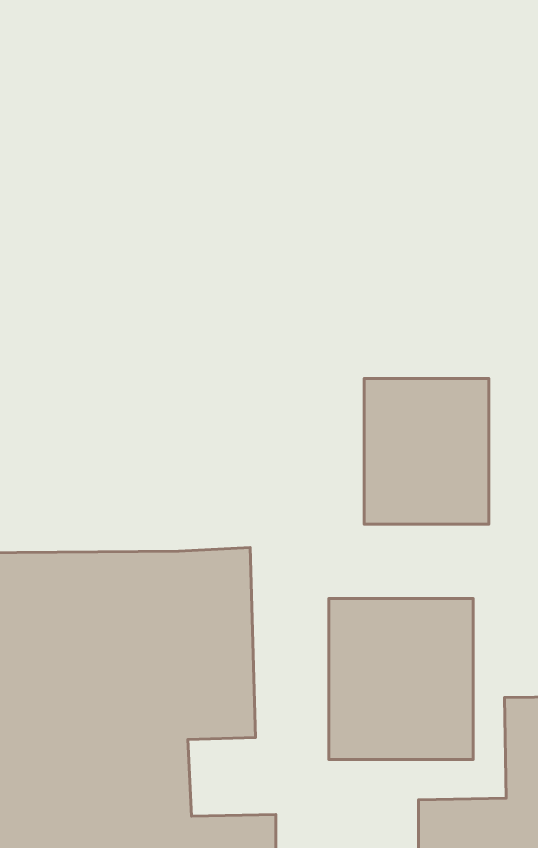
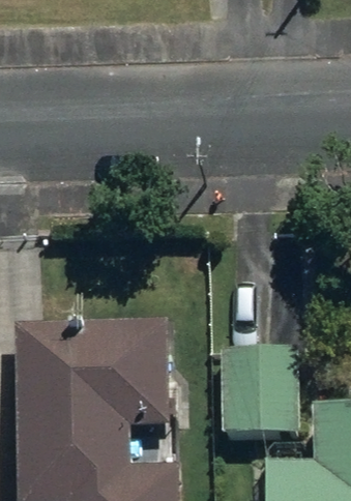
building: [364,378,489,524] -> none

